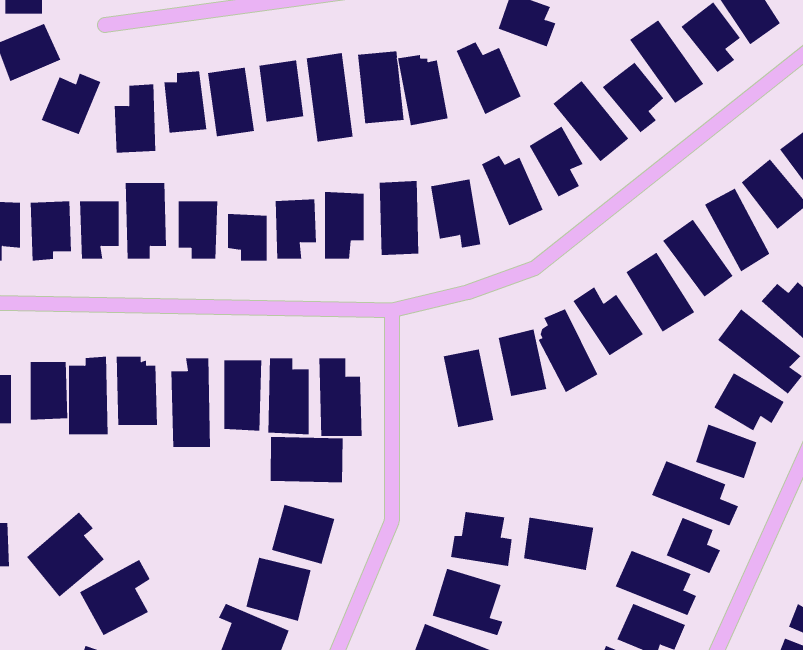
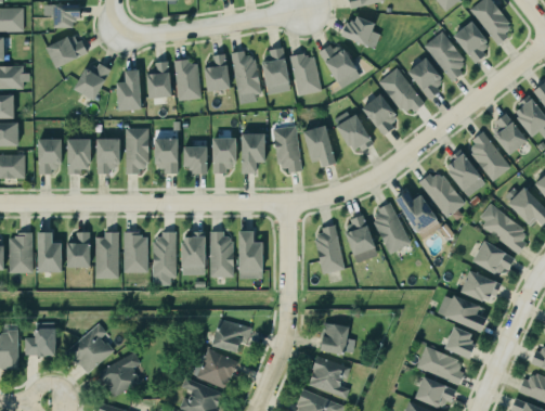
building: [270,436,343,483] -> none
building: [524,517,594,571] -> none

